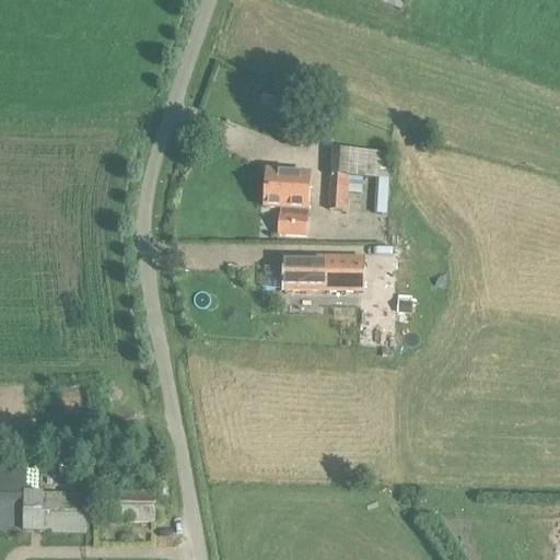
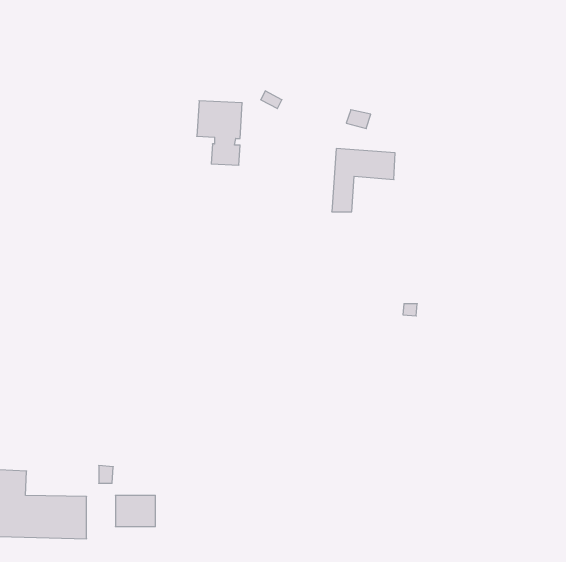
building: [264,170,308,233] -> [197,101,242,165]
building: [283,253,361,289] -> none

